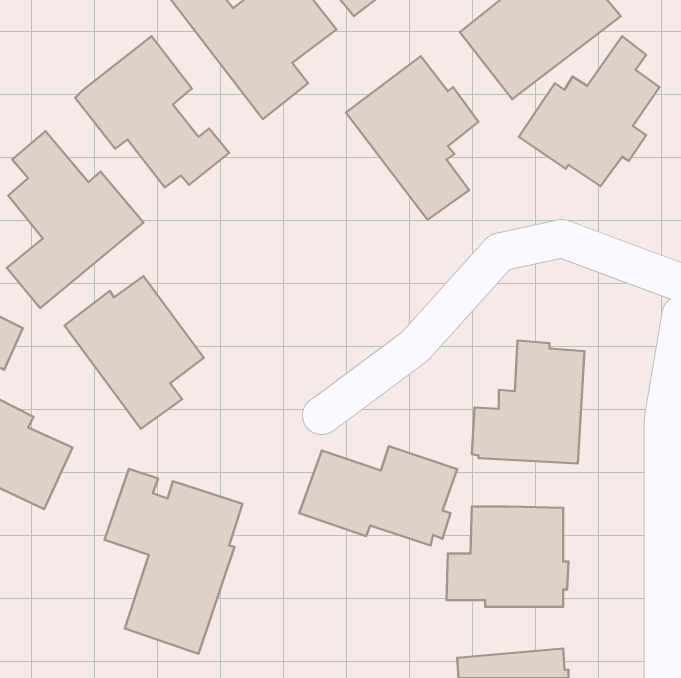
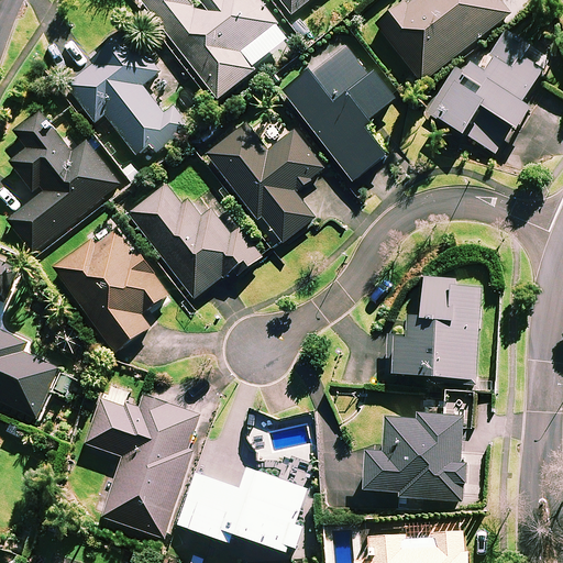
building: none -> [206,122,322,242]
building: none -> [129,185,262,298]
building: [299,446,457,545] -> [176,471,306,552]

